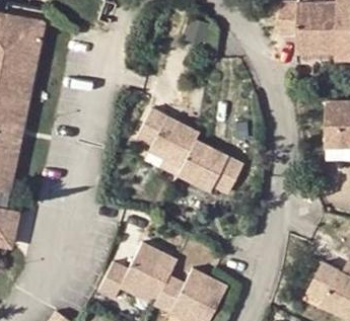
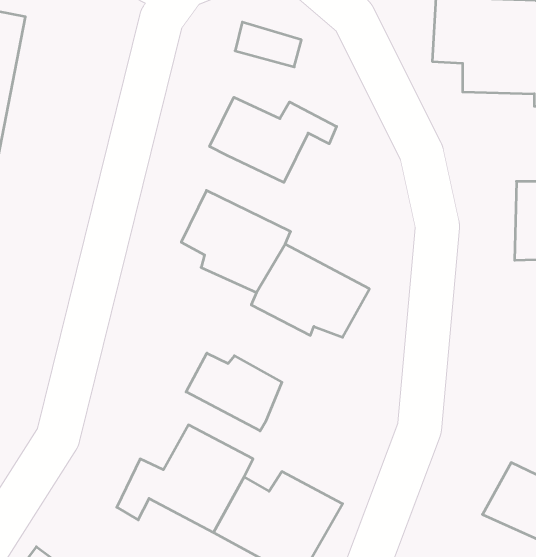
building: none -> [210,97,337,182]
building: none -> [186,353,282,431]

